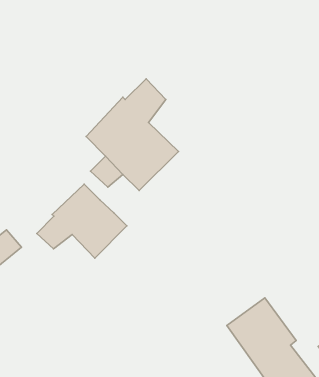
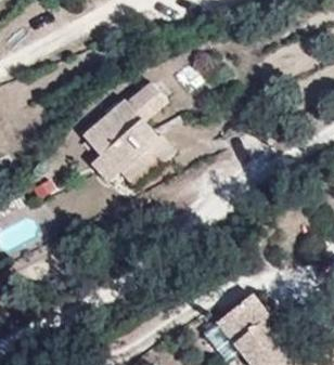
building: [37,184,127,258] -> none

